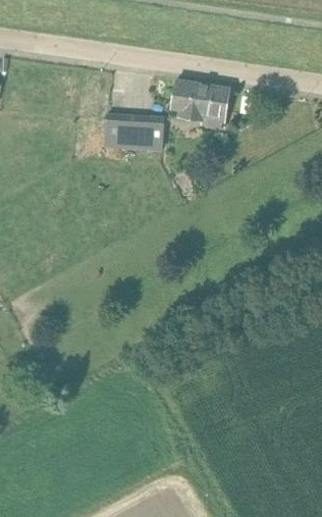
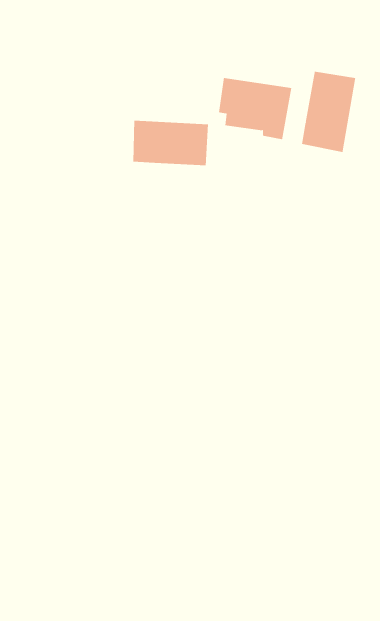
building: none -> [302,71,356,153]

